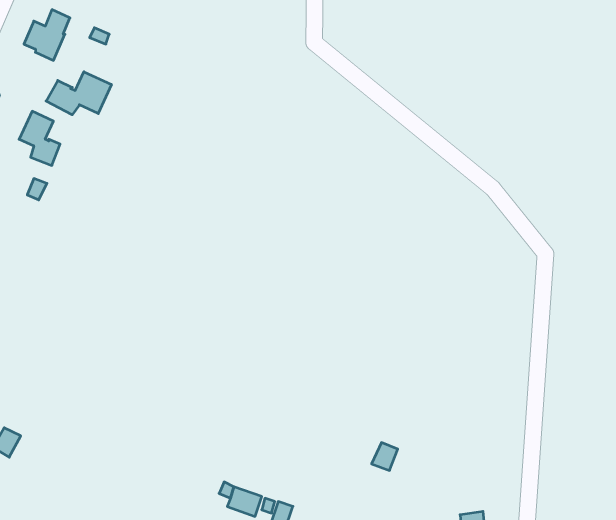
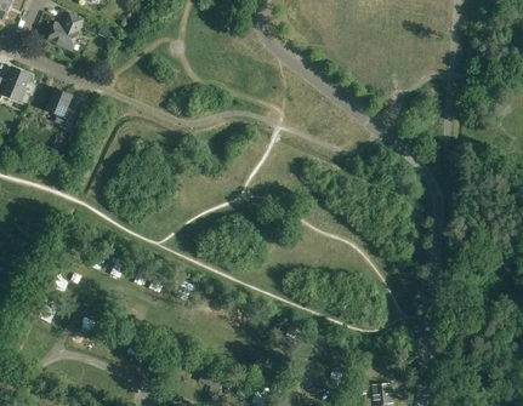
building: [46,72,111,115] -> none

